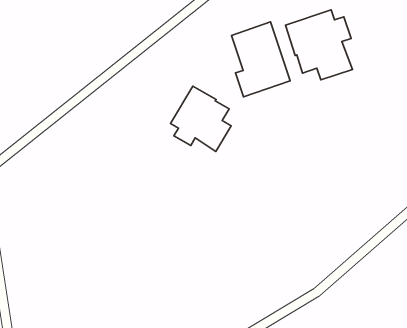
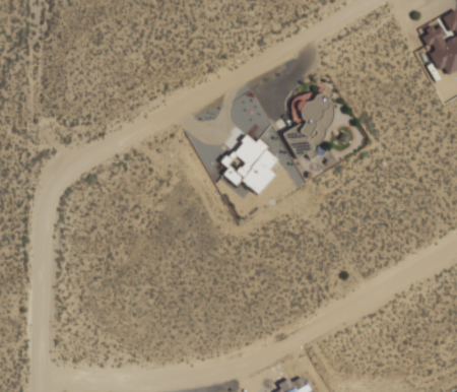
building: [285,10,352,80] -> none

